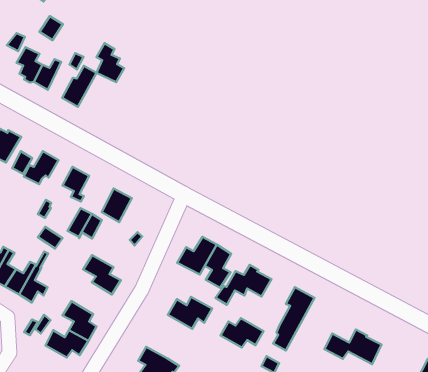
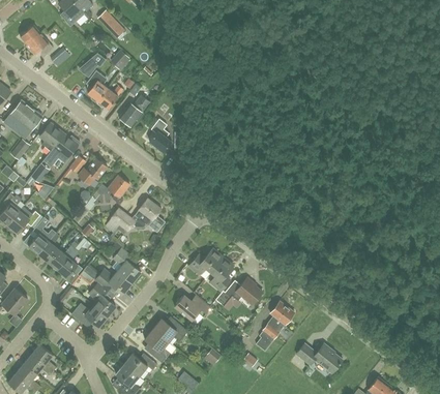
building: [97,43,124,82] -> [148,118,171,151]
building: none -> [95,269,131,295]
building: [221,318,264,348] -> [152,316,187,340]

